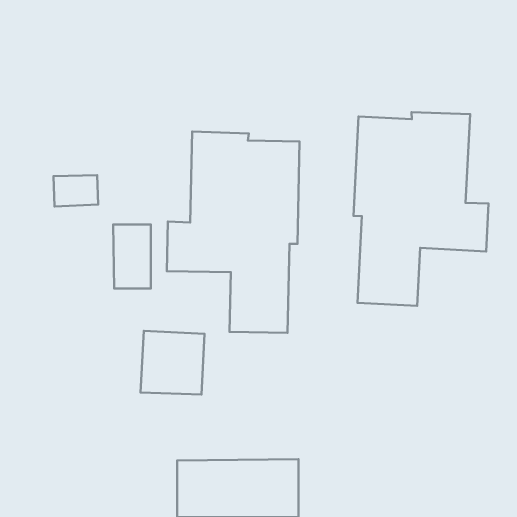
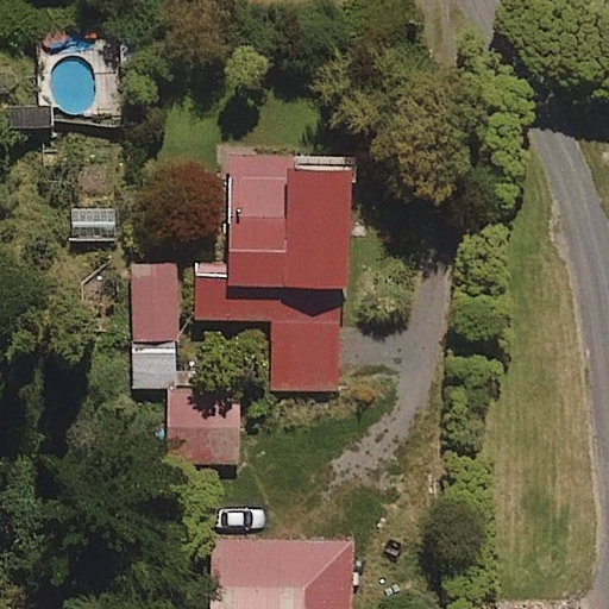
building: [353,112,489,306] -> none

